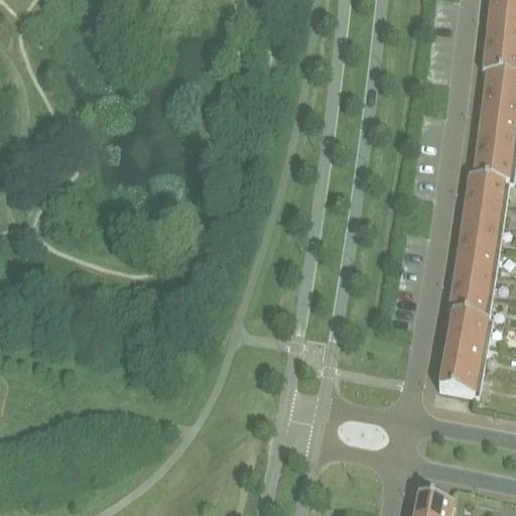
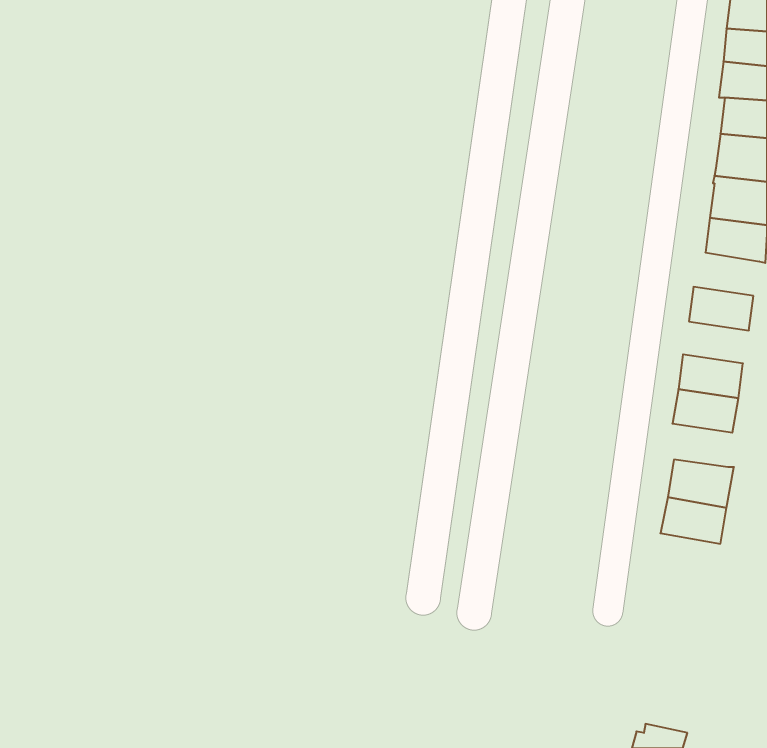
building: [466,169,510,199] -> none
building: [459,216,503,244] -> none
building: [448,284,492,313] -> none
building: [438,358,484,390] -> none

